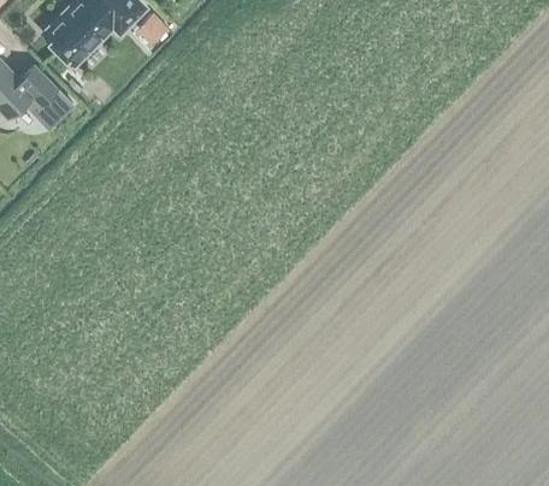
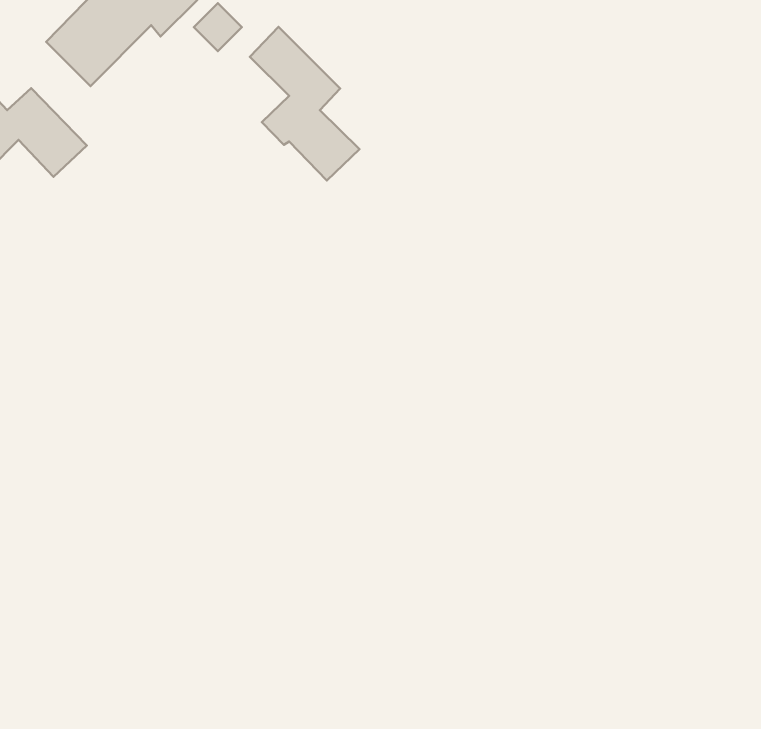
building: none -> [250,27,359,180]

